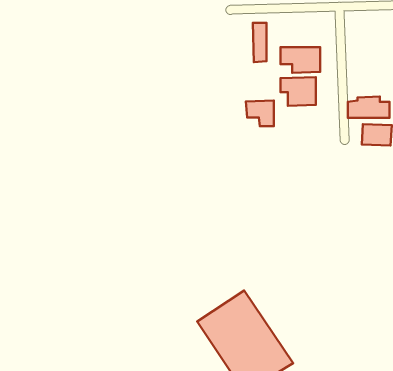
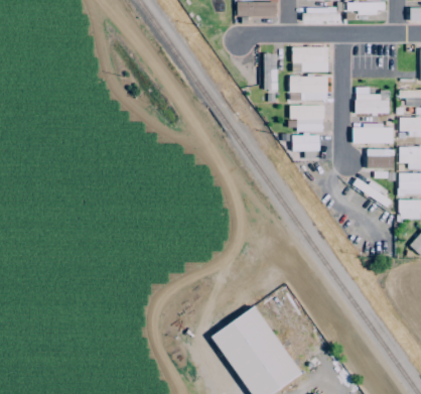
building: none -> [292,47,328,73]
building: none -> [356,87,389,114]
building: [246,101,274,126] -> [292,135,318,159]

